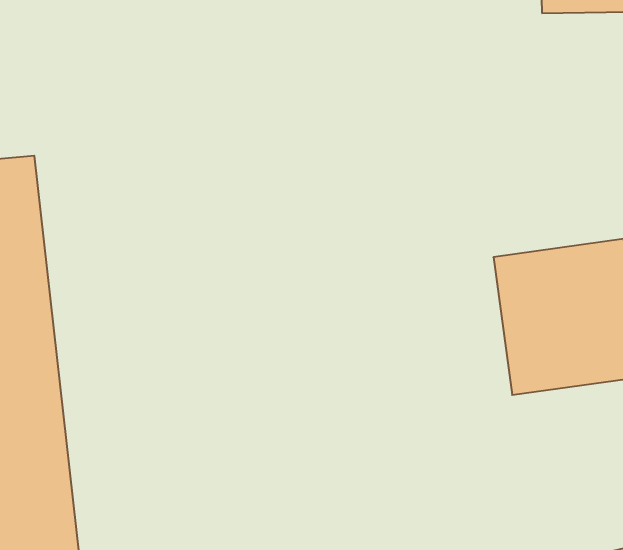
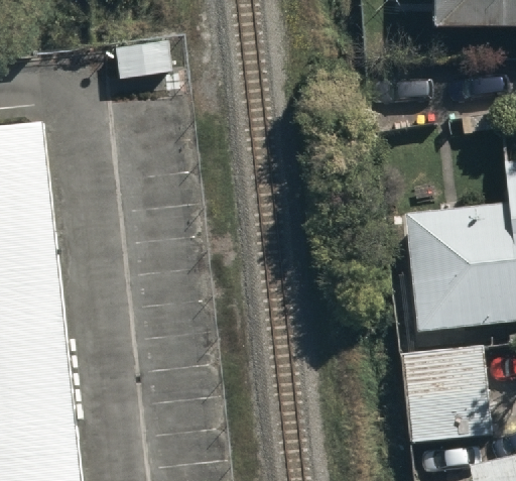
building: none -> [407,344,495,441]

